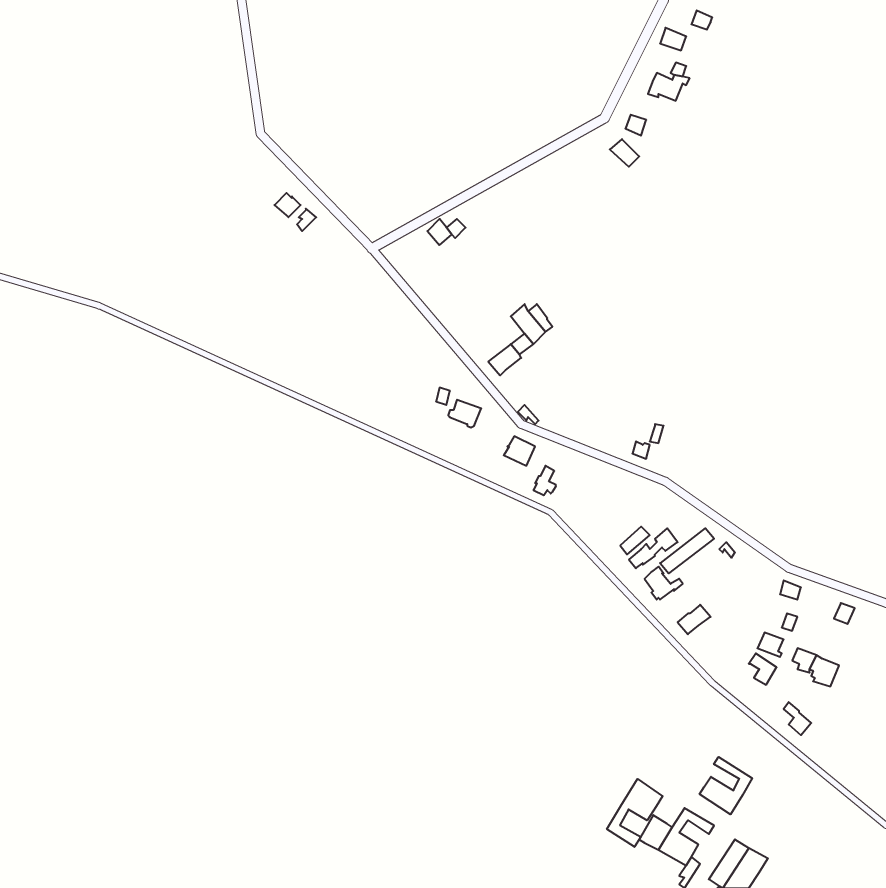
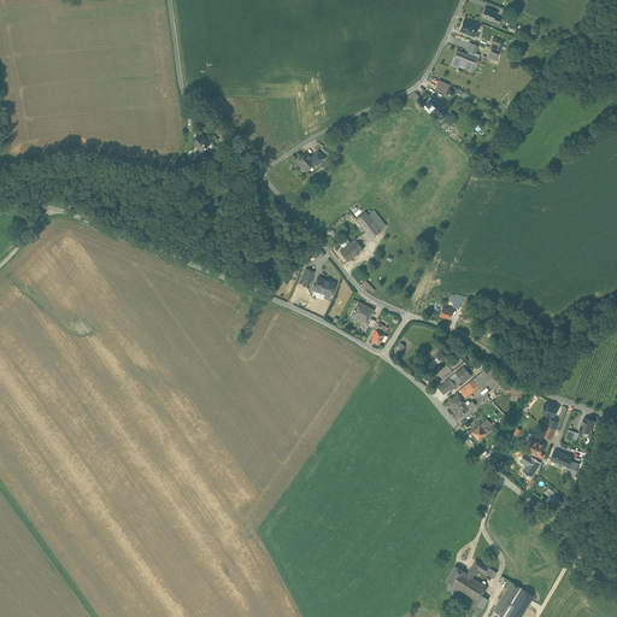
building: [700,757,752,814] -> none
building: [607,779,663,847] -> none

